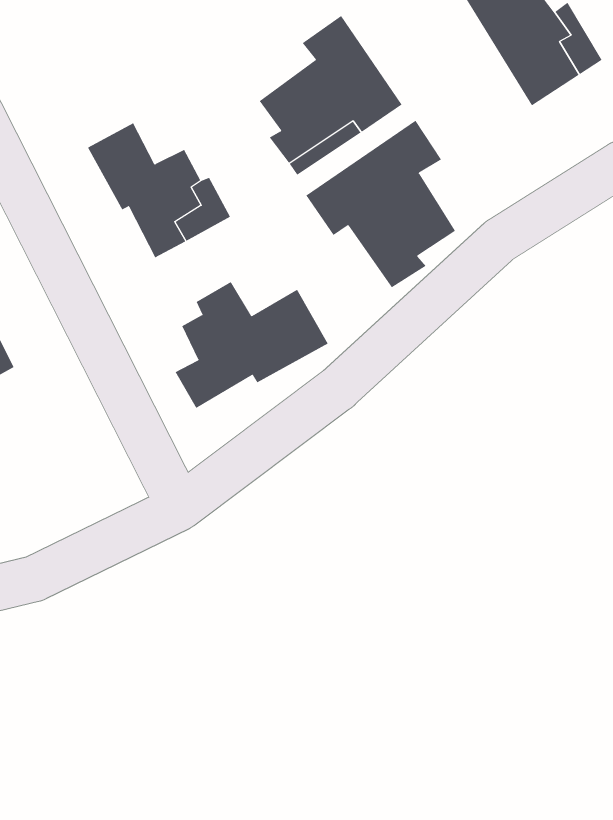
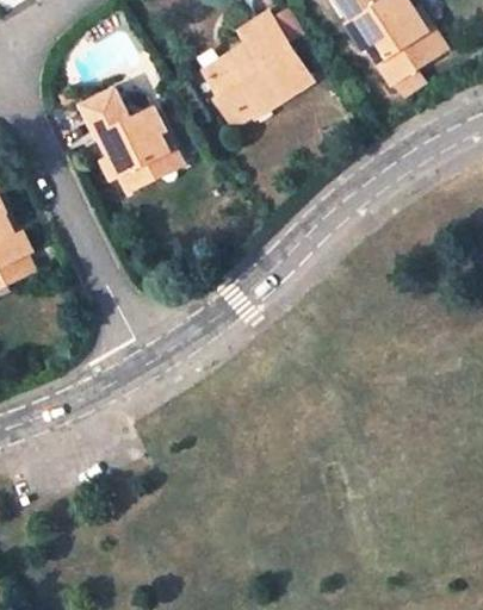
building: [305,120,456,288] -> none
building: [175,281,328,409] -> none

